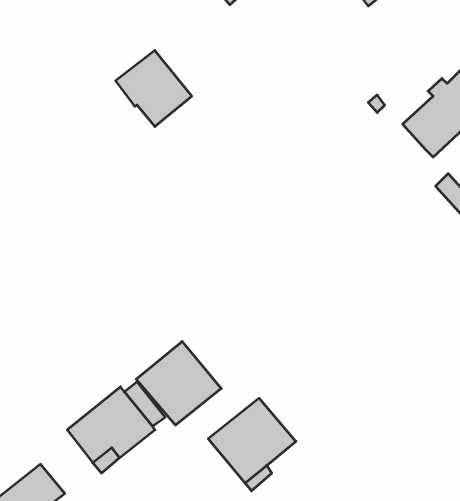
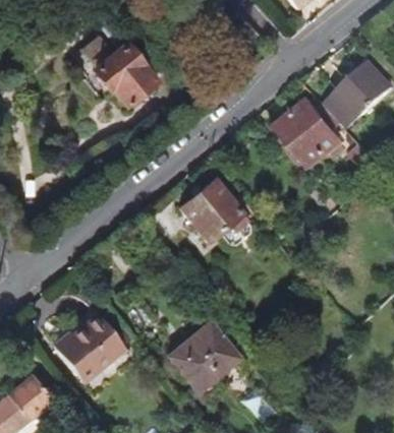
building: none -> [279,96,343,167]
building: none -> [179,179,248,241]
building: [136,341,221,425] -> none

